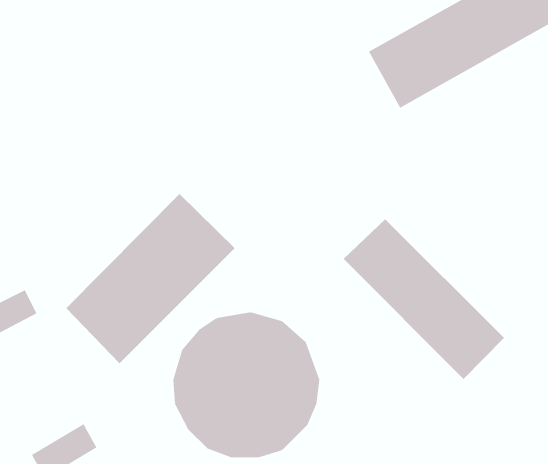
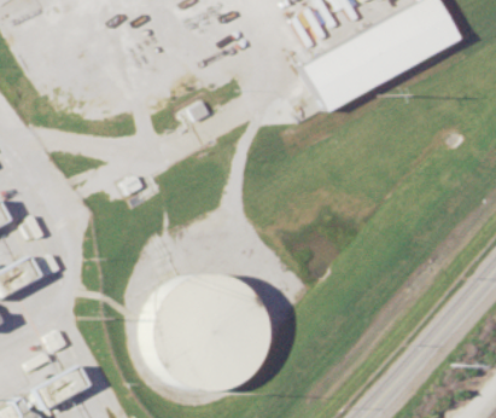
building: [65,193,235,364] -> none
building: [343,219,505,380] -> none

